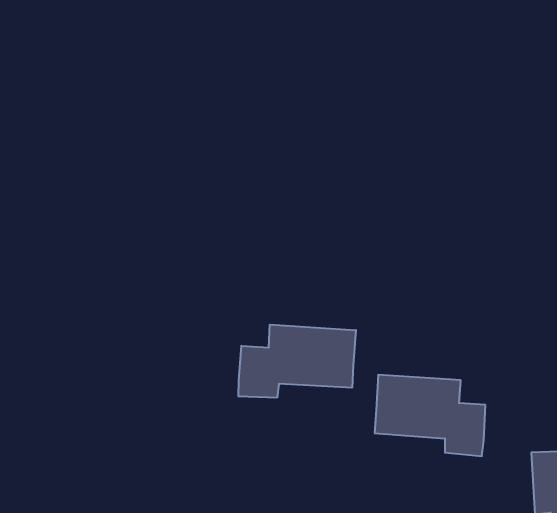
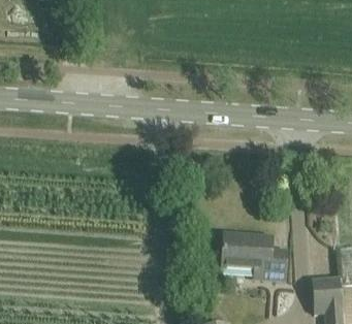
building: [238,325,356,398] -> none

